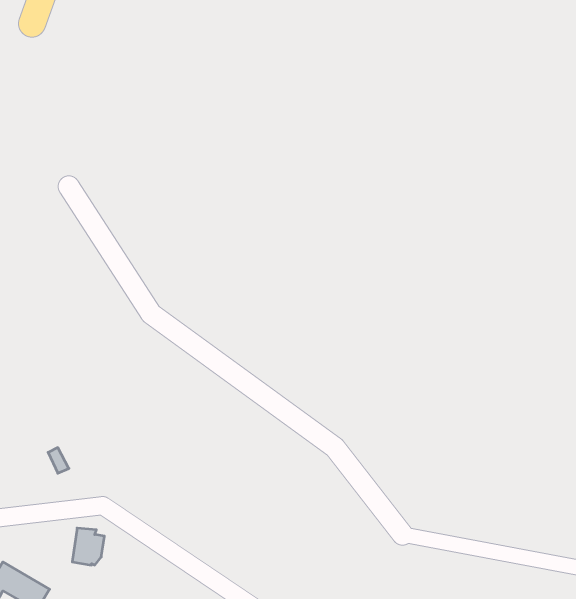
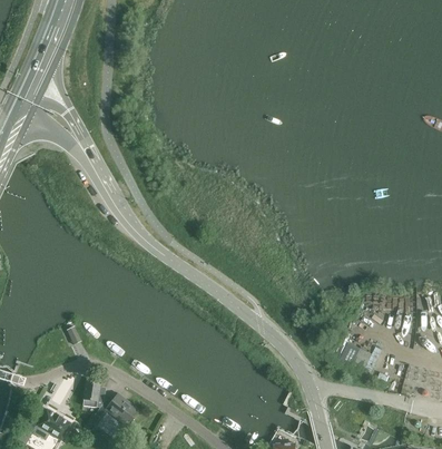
building: none -> [96,397,138,426]

